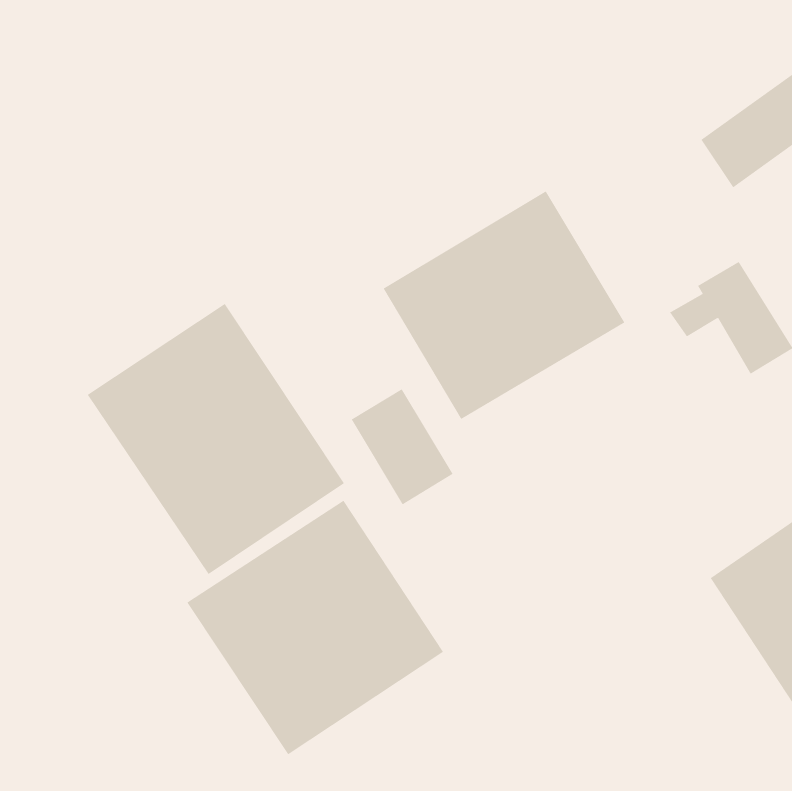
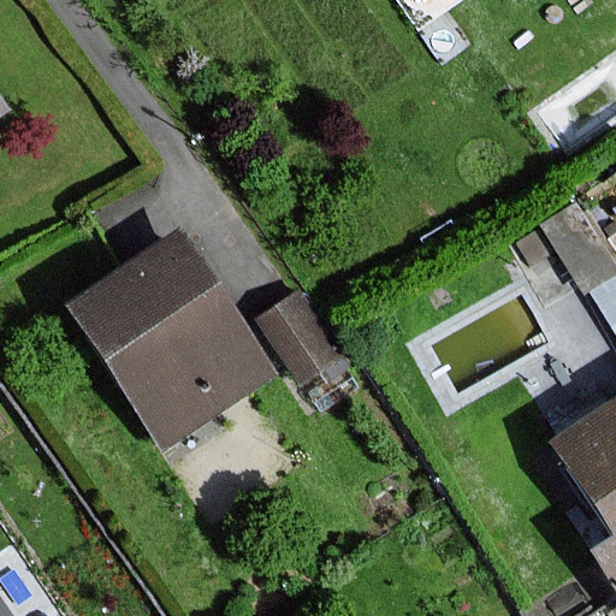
building: [383,190,625,420] -> none
building: [187,500,444,755] -> none

